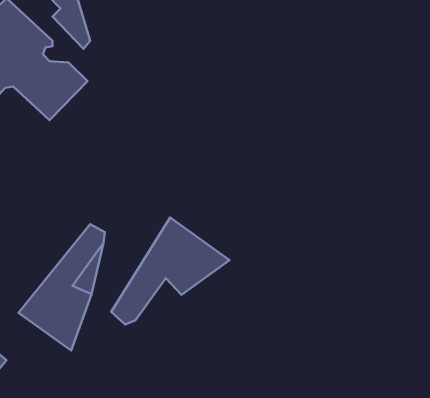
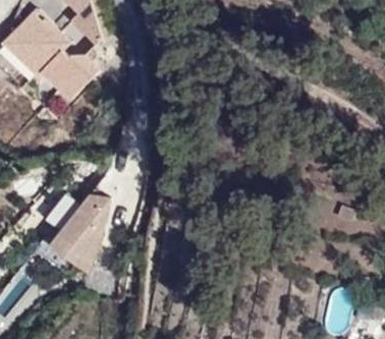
building: [111,218,230,324] -> none

